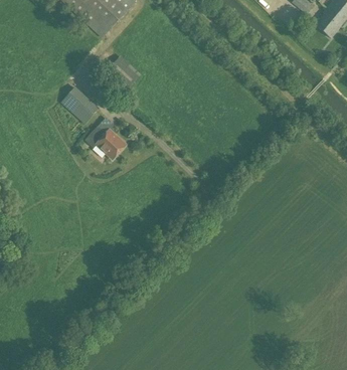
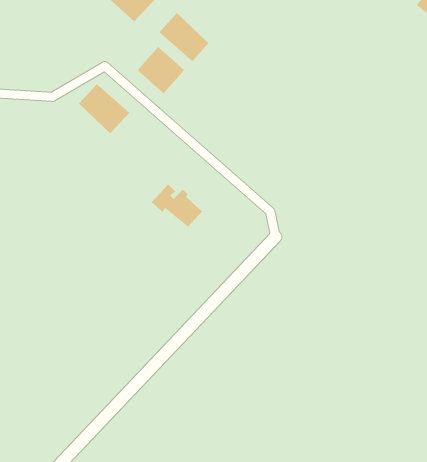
building: none -> [158,12,209,62]
building: [84,125,124,158] -> [151,184,203,228]

